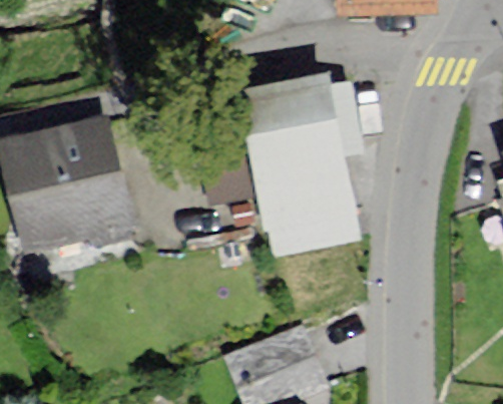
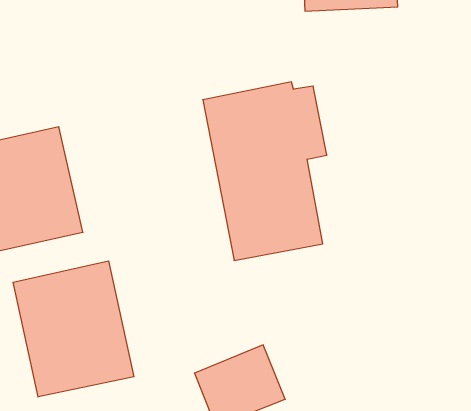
building: none -> [13,261,134,397]

